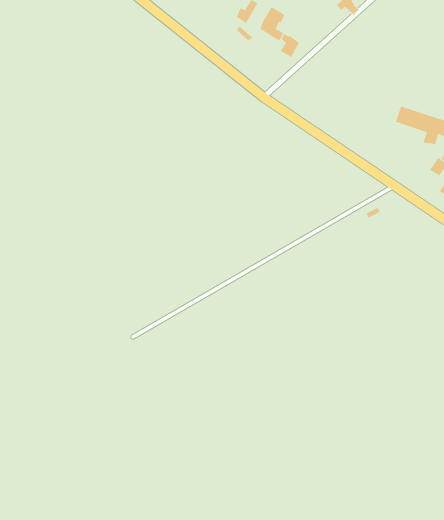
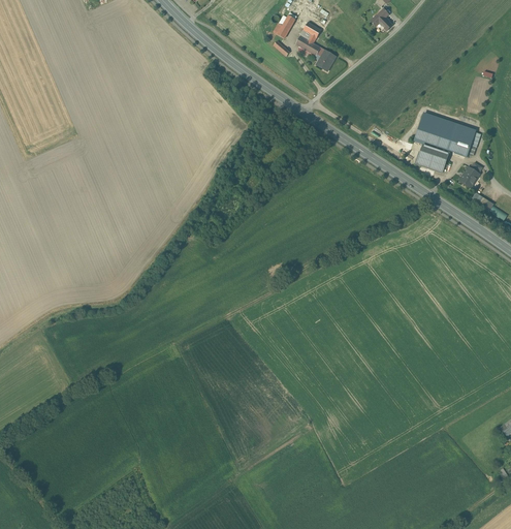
building: none -> [417,144,450,173]

